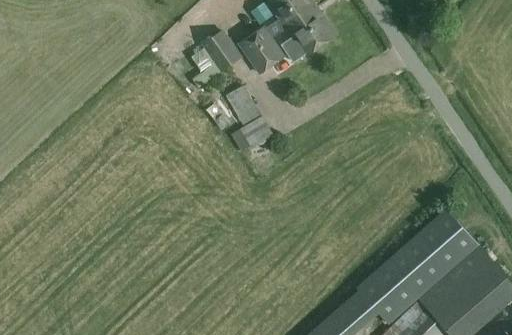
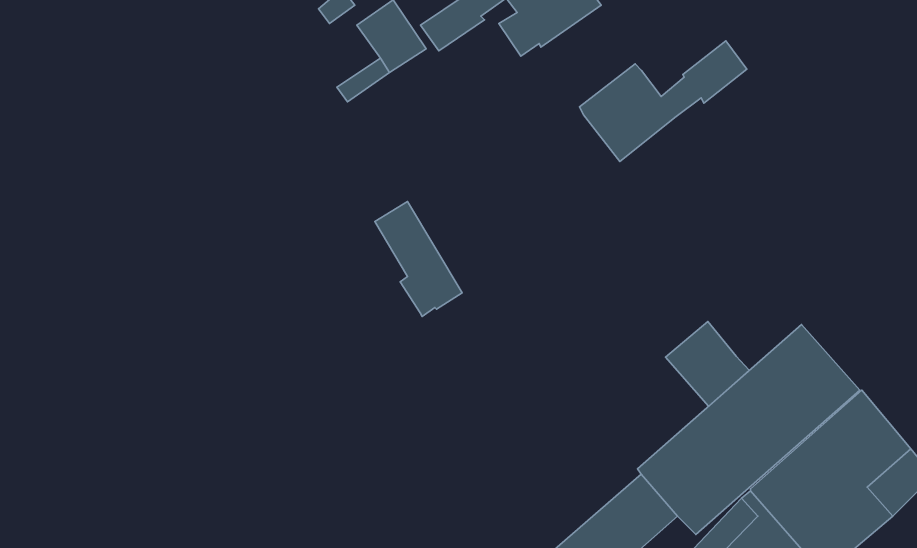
building: [247,42,282,73] -> none
building: none -> [580,41,747,162]
building: [225,86,273,149] -> [375,202,462,317]
building: none -> [666,321,749,406]

